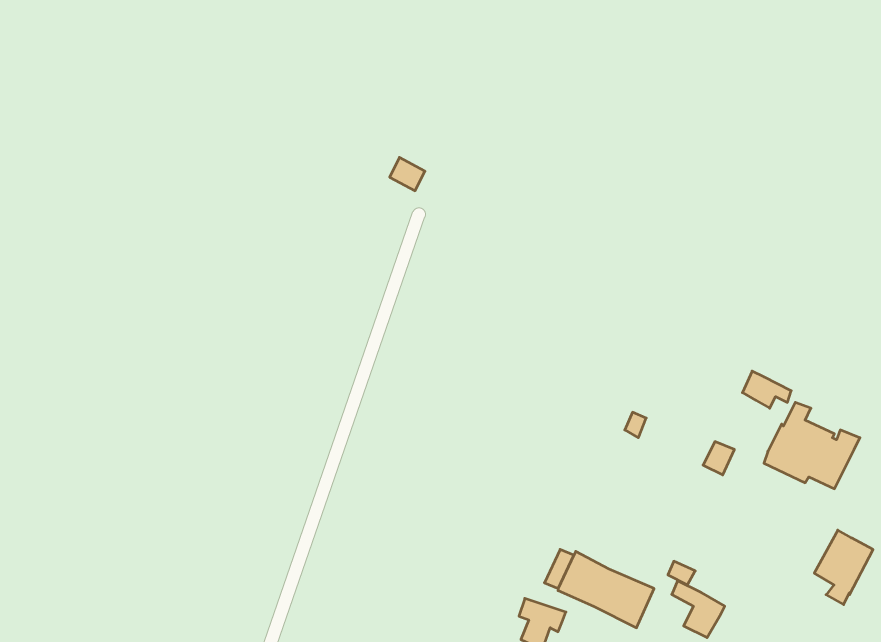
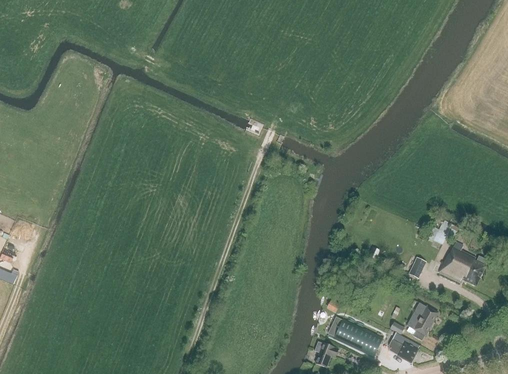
building: [814,530,873,605] -> [407,302,437,340]

